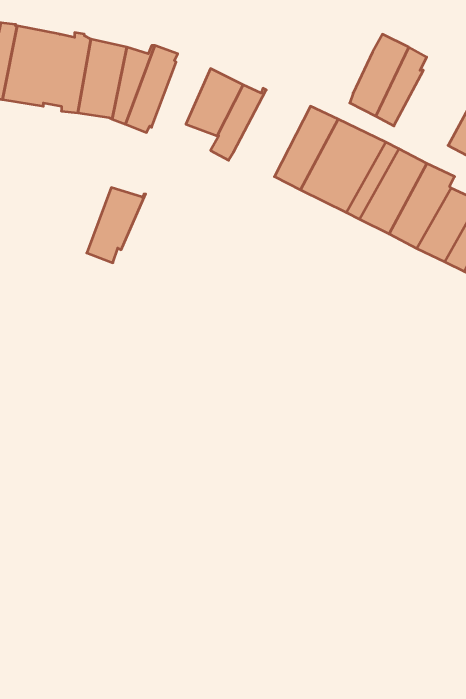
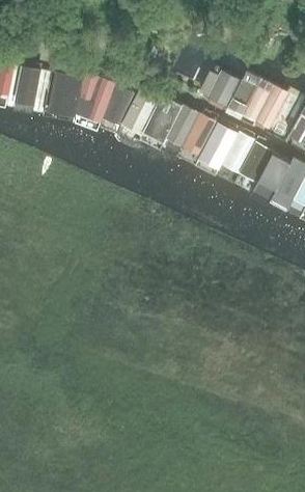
building: none -> [199,62,241,105]
building: none -> [254,90,292,132]
building: none -> [152,103,201,158]
building: [87,188,146,263] -> [101,85,138,133]

